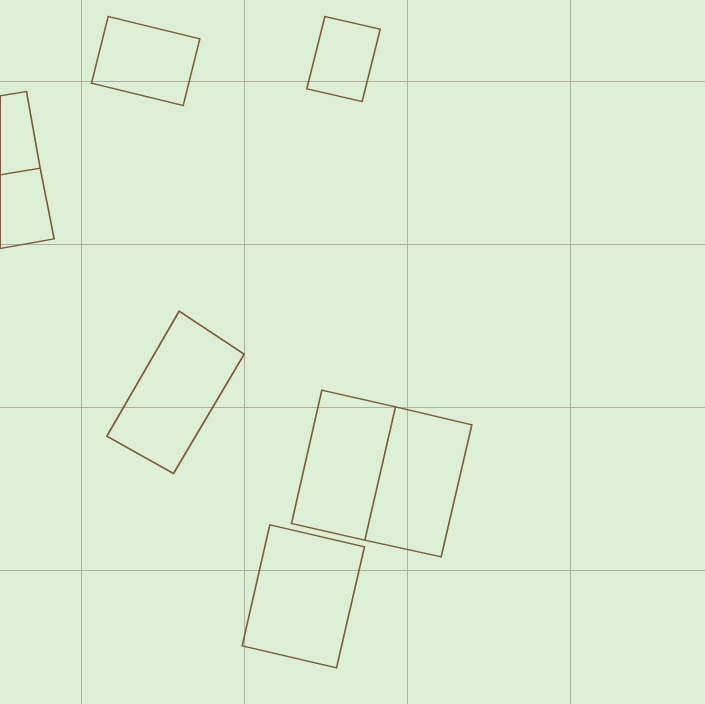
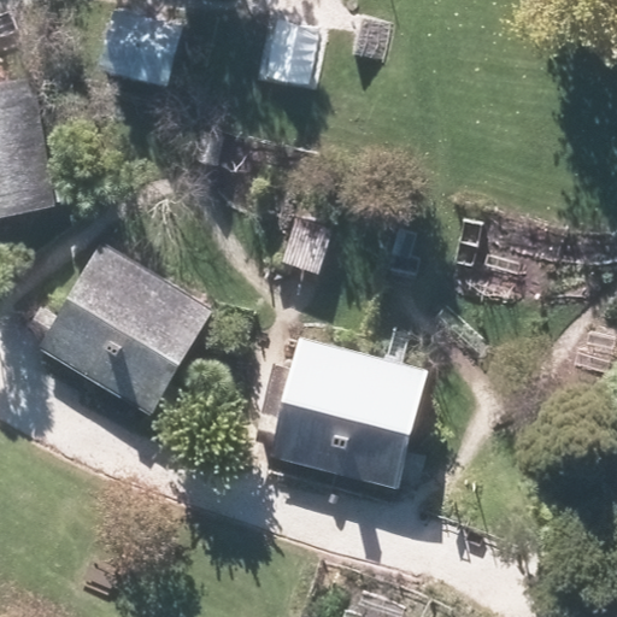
building: none -> [35,239,159,378]
building: [242,525,364,668] -> none

